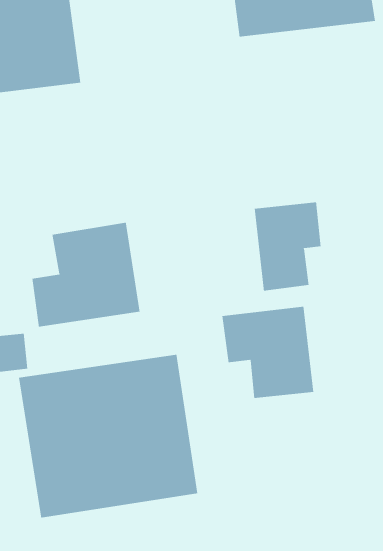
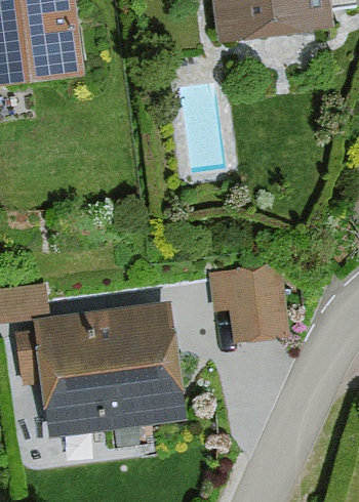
building: [254,201,321,292] -> none
building: [32,222,140,328] -> none

